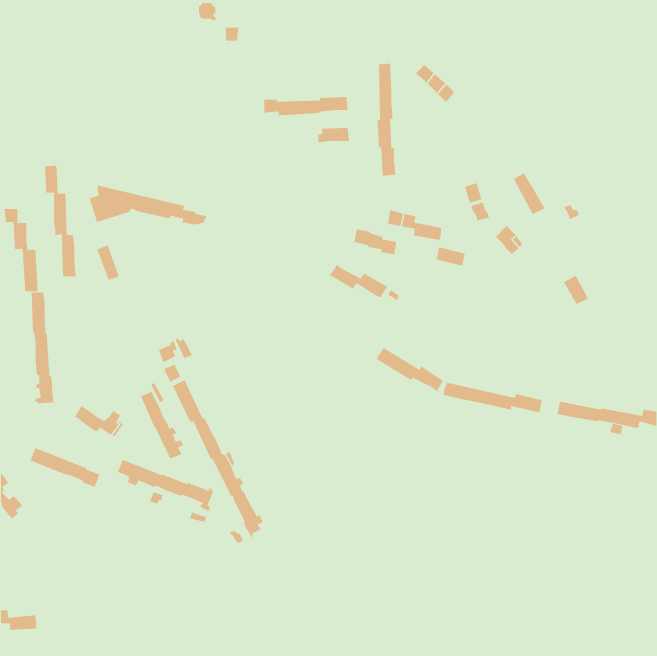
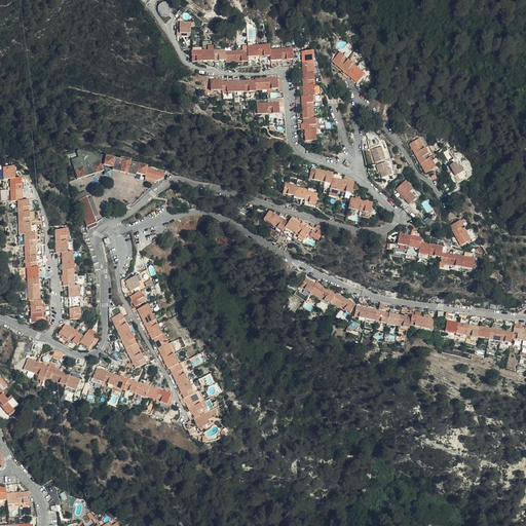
building: none -> [191,45,293,62]
building: [44,165,76,277] -> [55,229,81,318]
building: none -> [398,233,474,269]

